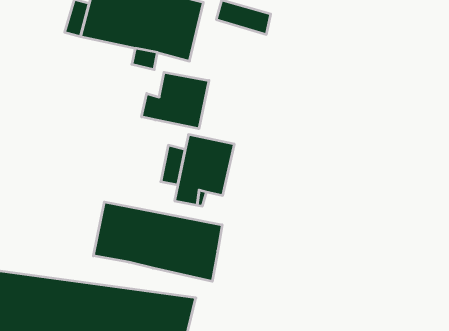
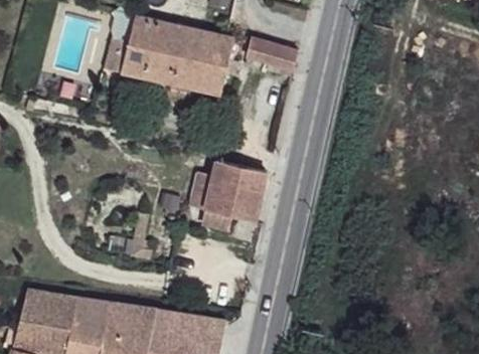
building: [142,72,209,129] -> none
building: [93,202,222,281] -> none

